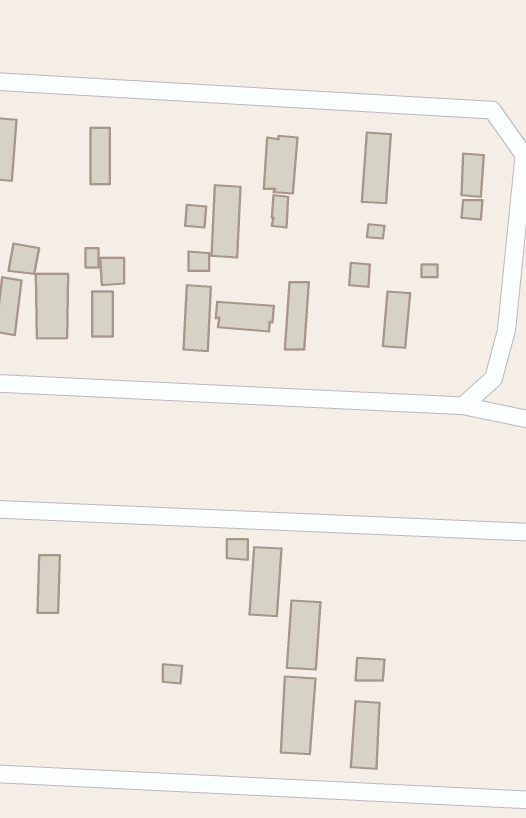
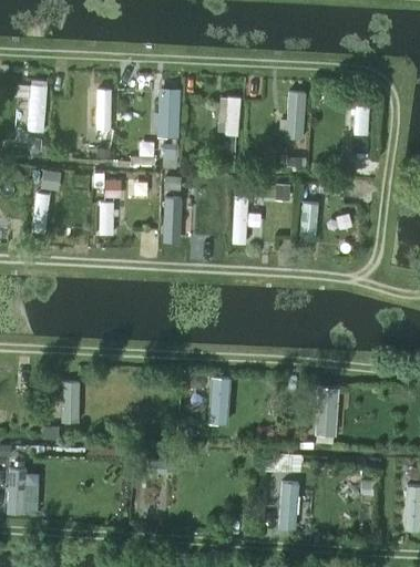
building: [212,185,241,258] -> [158,85,178,135]
building: [36,274,68,338] -> none
building: [216,302,274,332] -> none
building: [287,601,321,670] -> [315,385,338,433]
building: [281,677,316,754] -> none

